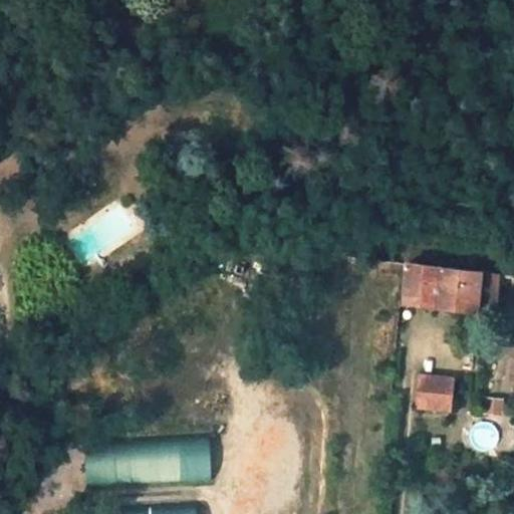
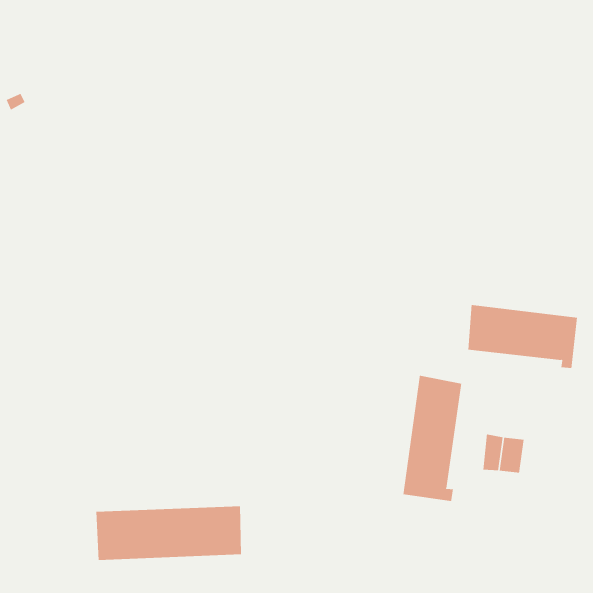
building: none -> [403,375,462,502]

